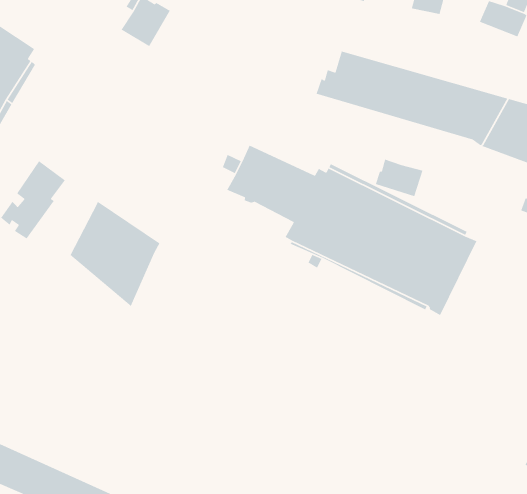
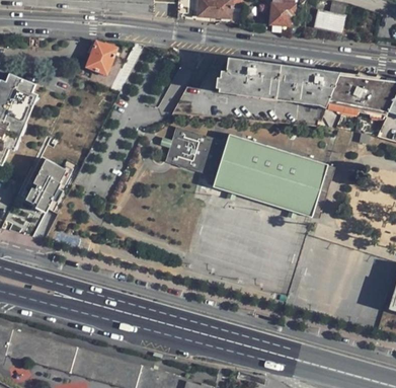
building: [375,158,424,197] -> none
building: [69,200,160,307] -> none

